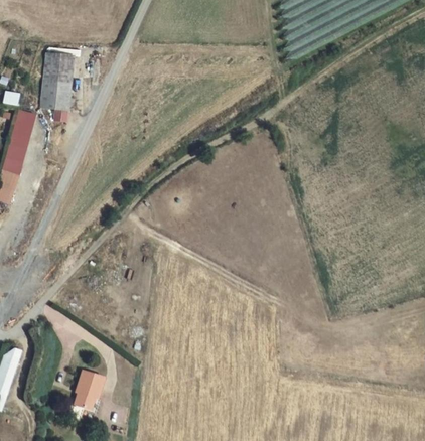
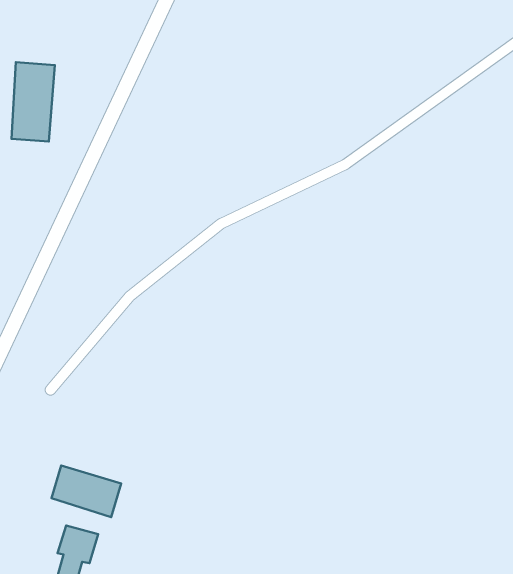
building: none -> [52,465,121,517]

